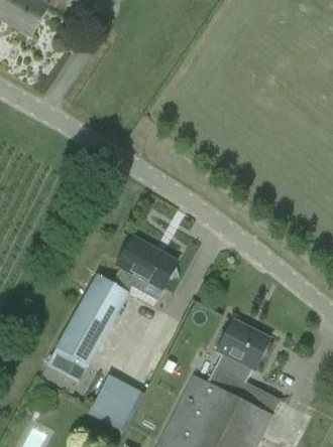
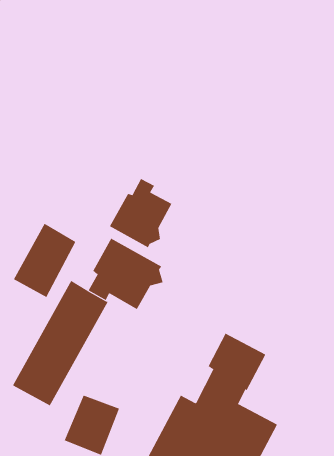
building: none -> [109,178,172,248]
building: none -> [13,223,76,298]

